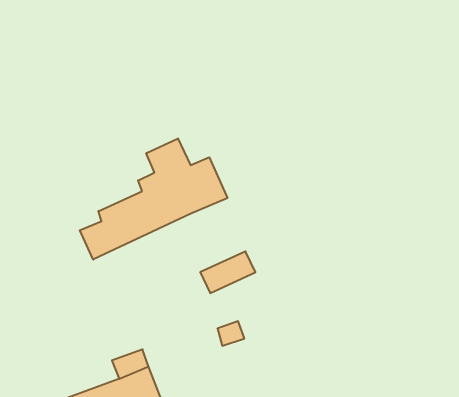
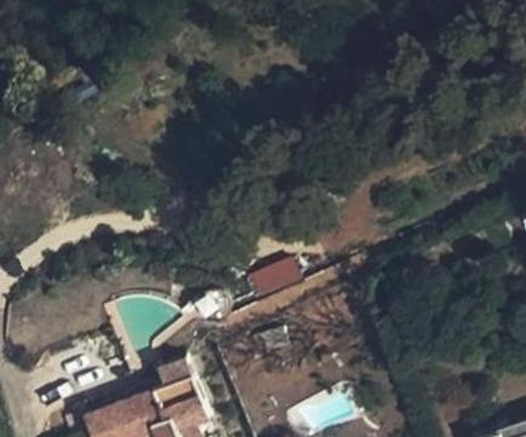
building: [80,138,227,260] -> none

